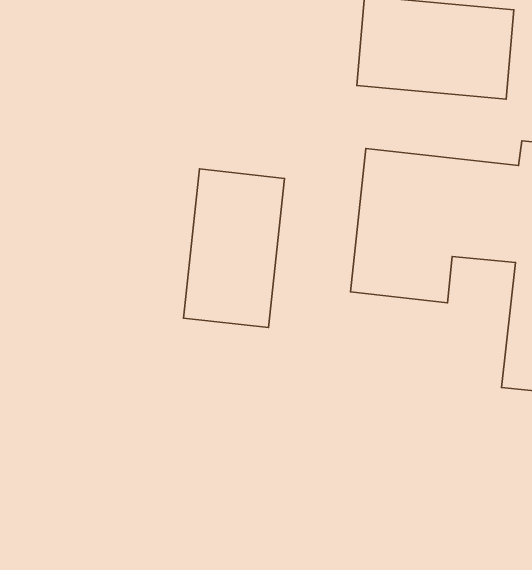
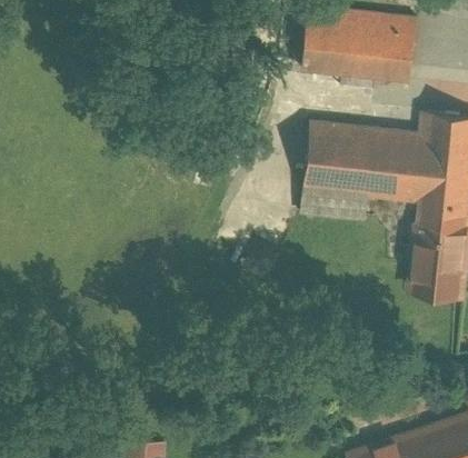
building: [183,169,284,328] -> none

